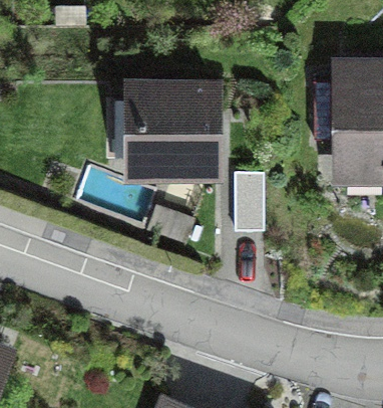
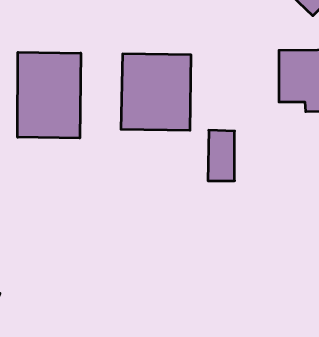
building: none -> [18,52,81,138]

